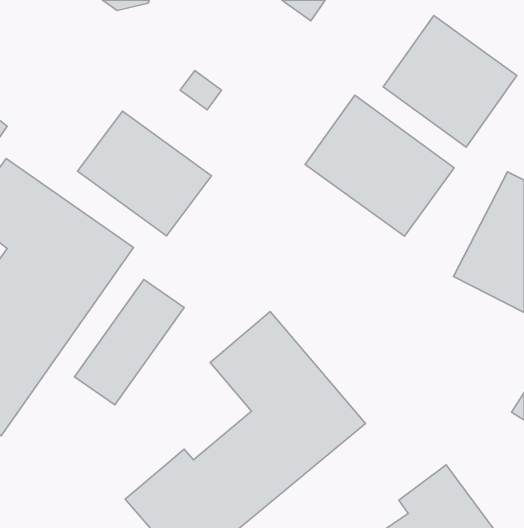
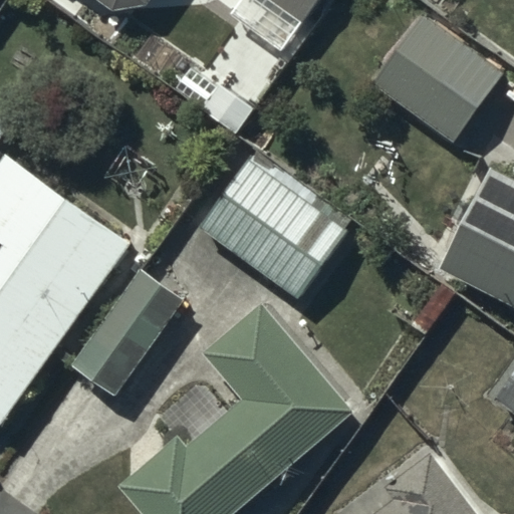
building: [305,95,454,236] -> [199,161,343,297]
building: [78,111,211,236] -> none

